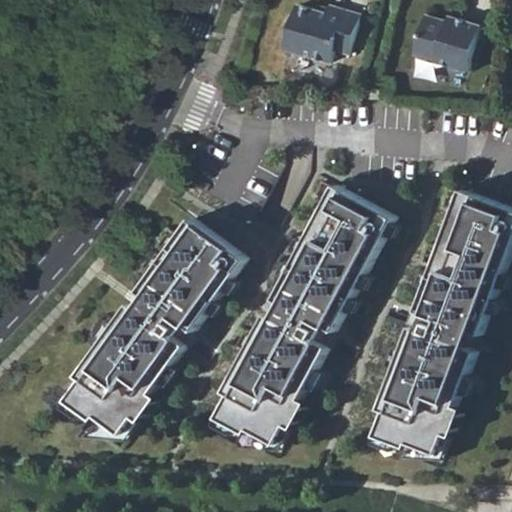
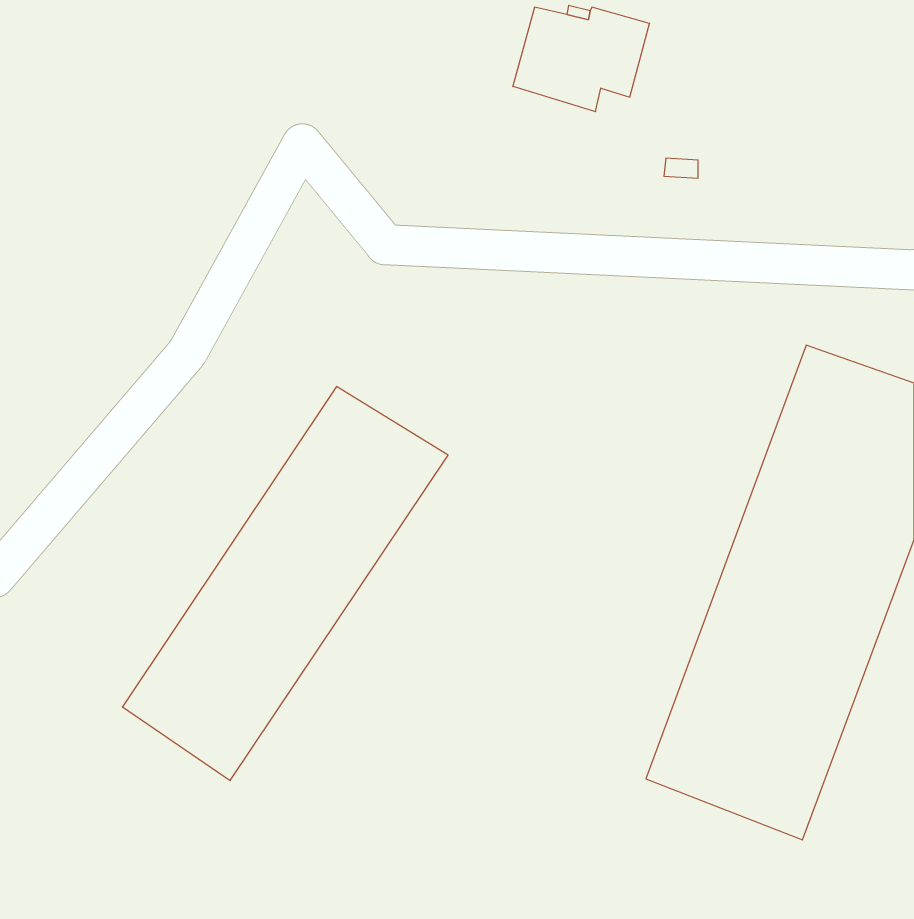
building: [415,17,482,72] -> none
building: [206,189,391,452] -> none

